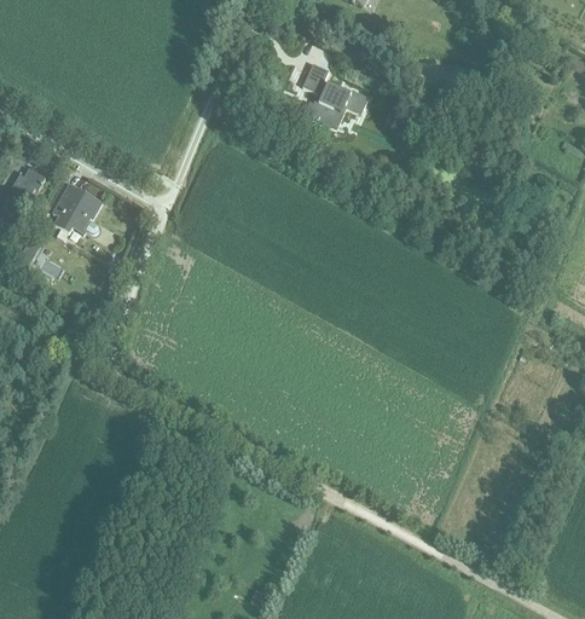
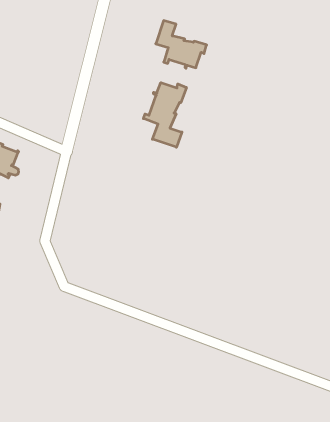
building: none -> [143,83,186,147]

